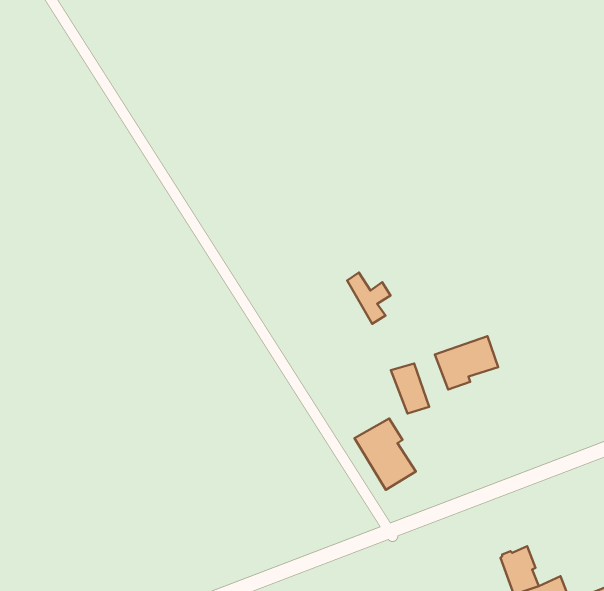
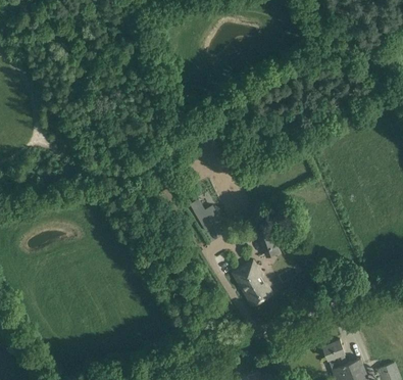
building: [347,272,390,324] -> [191,200,217,232]
building: [435,336,498,390] -> none

